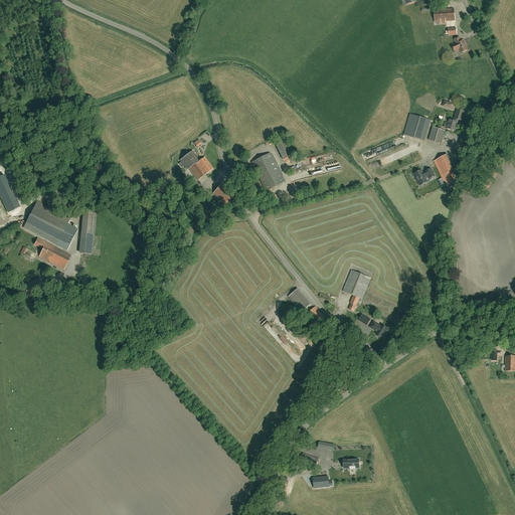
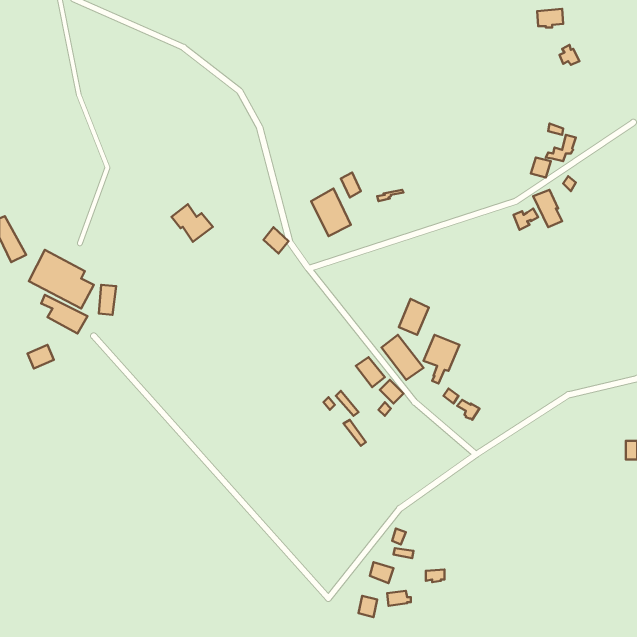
building: [402,114,430,140] -> none
building: [179,150,212,180] -> [172,204,213,242]
building: none -> [399,299,429,335]
building: none -> [382,335,424,380]

